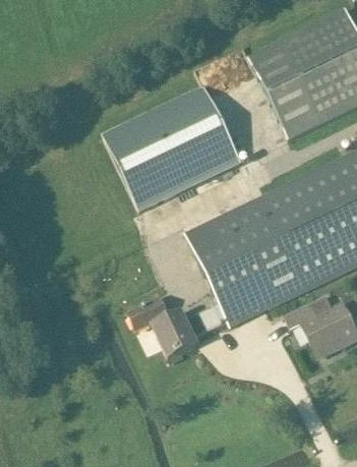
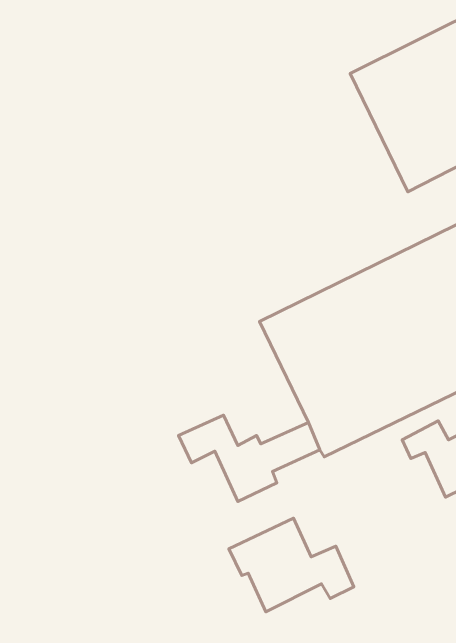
building: [105,85,242,210] -> none
building: none -> [229,518,354,612]

